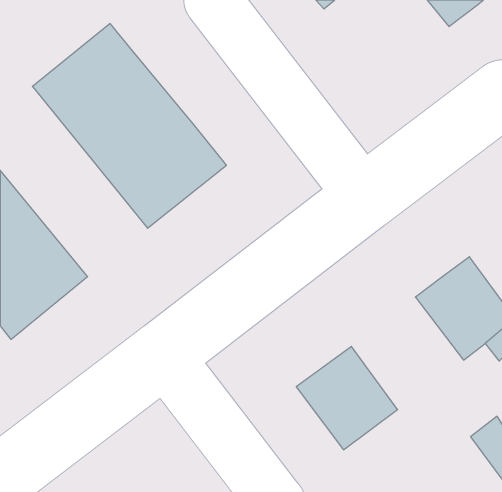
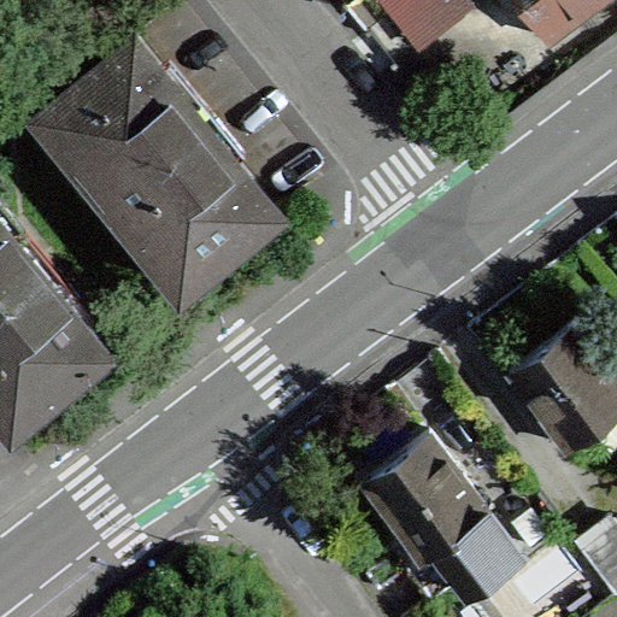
building: none -> [407,515,522,606]

